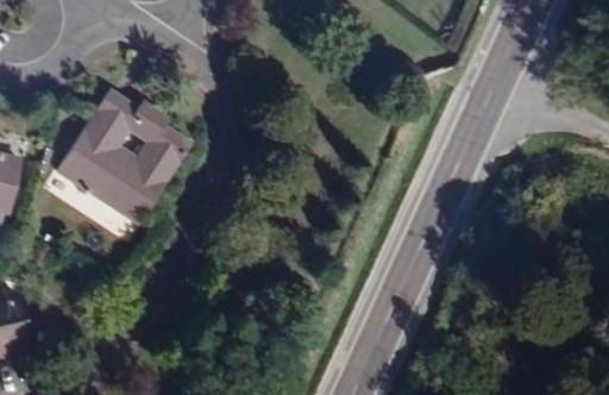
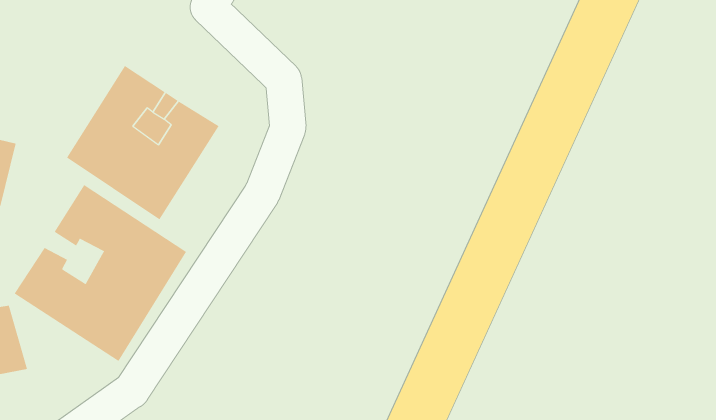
building: none -> [14,184,187,362]

